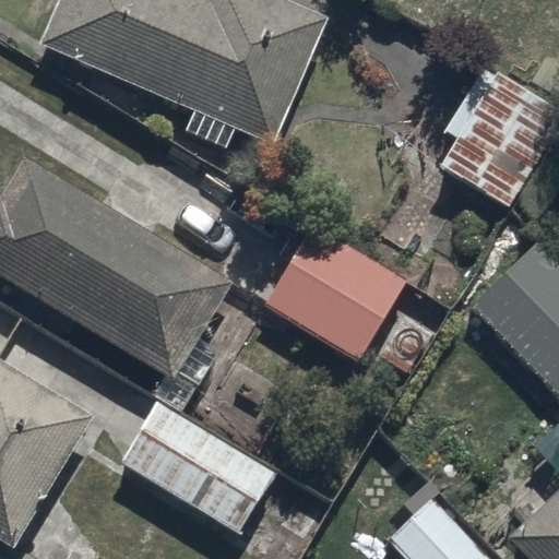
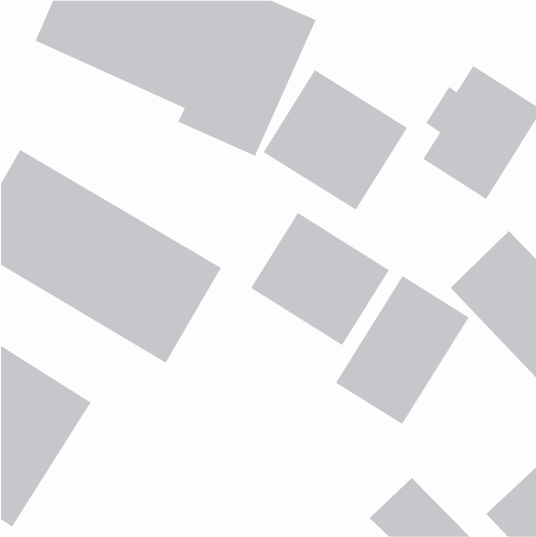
building: none -> [263,69,408,211]
building: none -> [335,275,470,425]
building: [116,397,273,531] -> none

